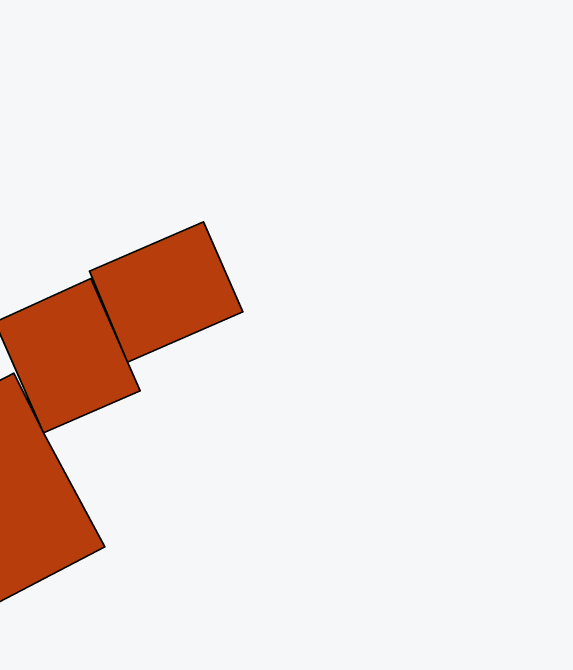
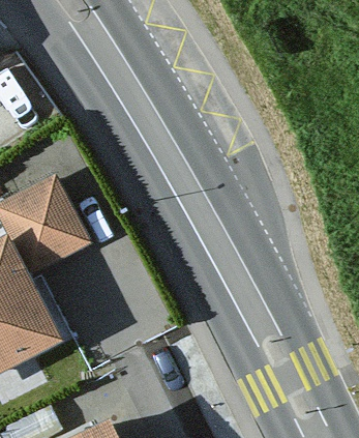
building: [89,222,243,362] -> none

